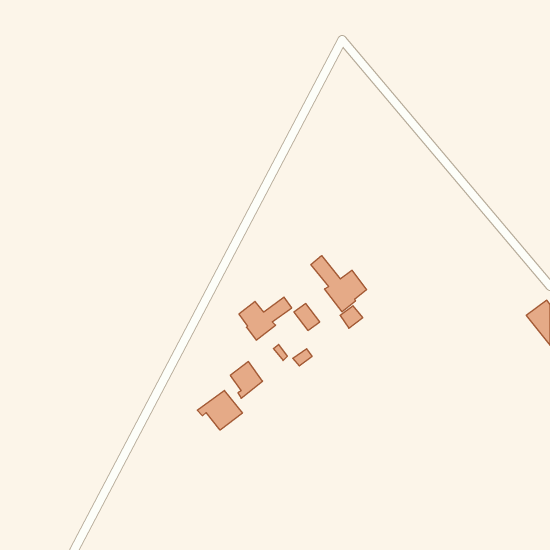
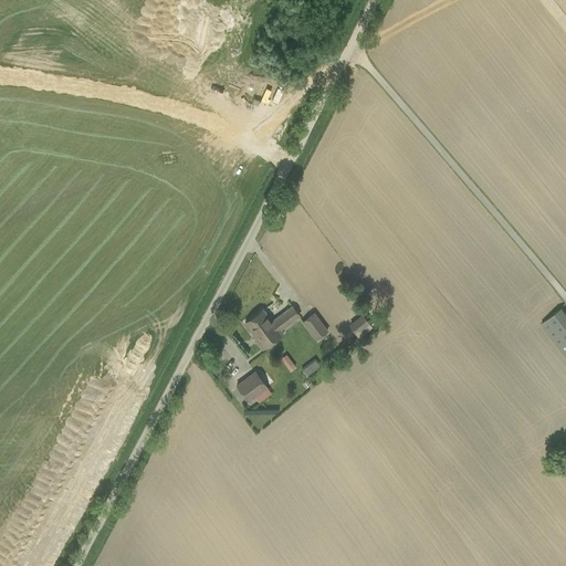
building: [311,256,367,312] -> none
building: [197,390,242,430] -> none

